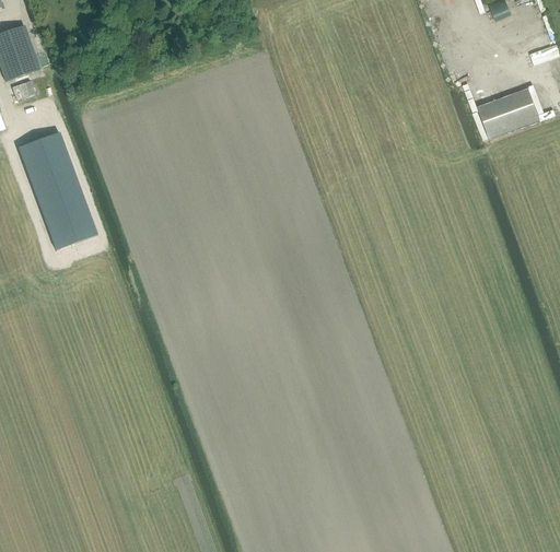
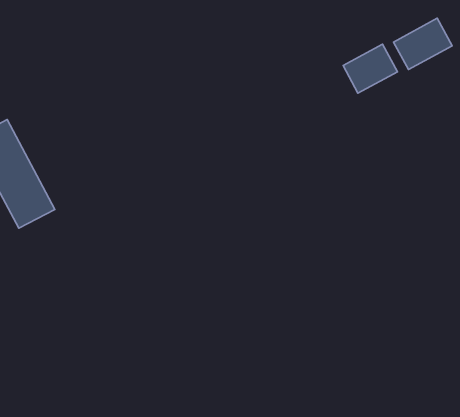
building: none -> [343,44,397,93]

